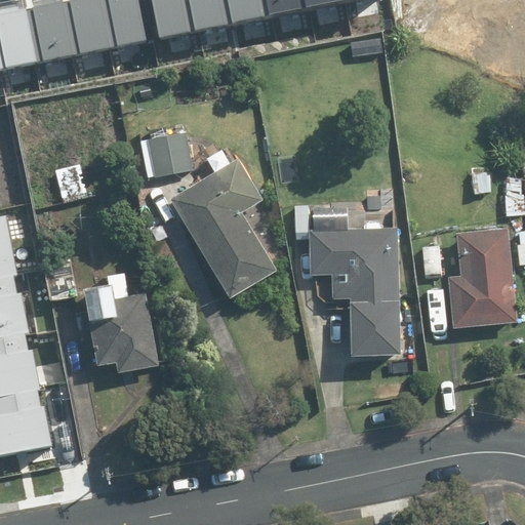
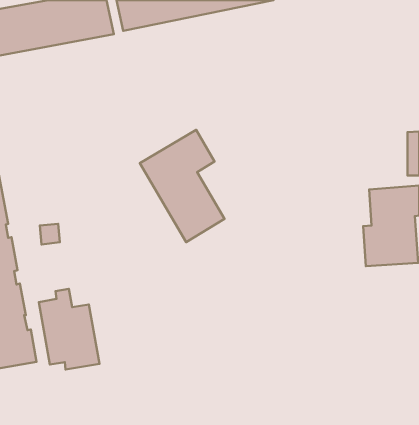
building: [138,133,190,178] -> none
building: [294,206,406,357] -> none
building: [85,274,160,373] -> [39,289,100,370]

